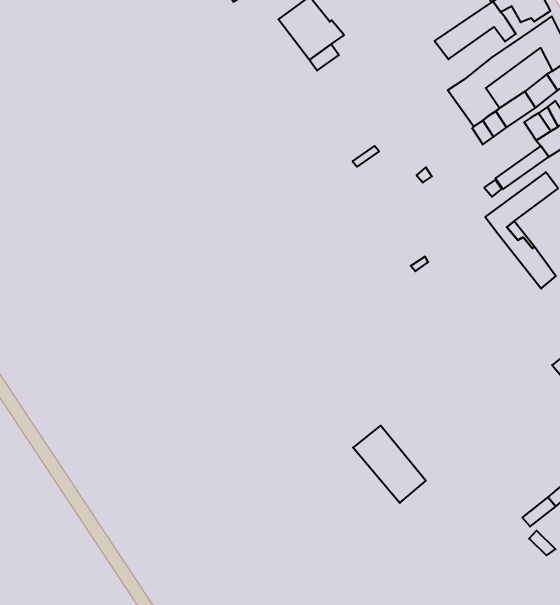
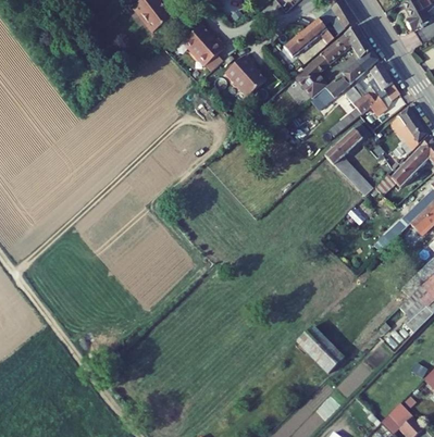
building: none -> [225,54,265,97]
building: [353,426,426,503] -> [296,326,344,374]

